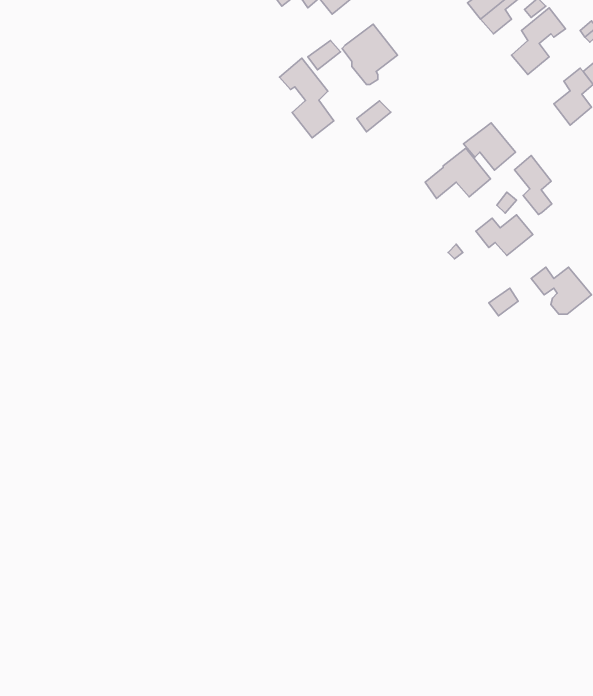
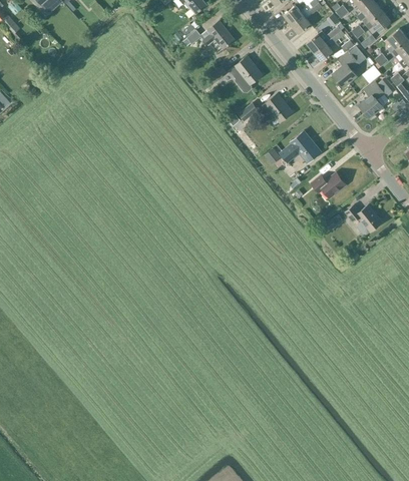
building: [280,58,334,138] -> none
building: [463,123,516,170] -> [261,93,293,122]
building: [515,156,552,215] -> none

